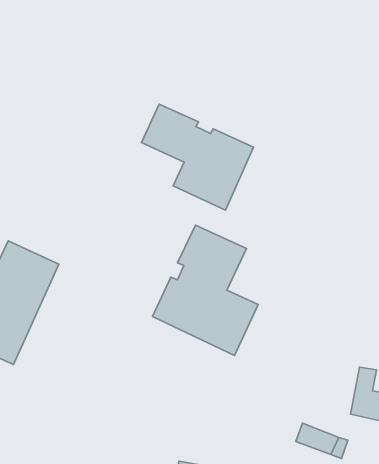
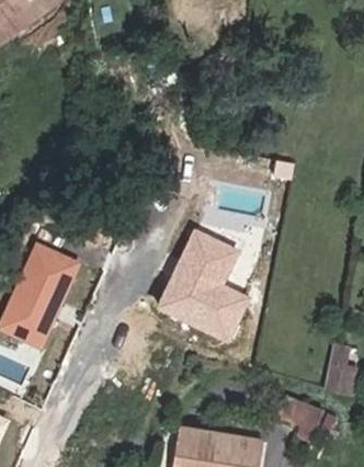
building: [141,104,253,210] -> none

